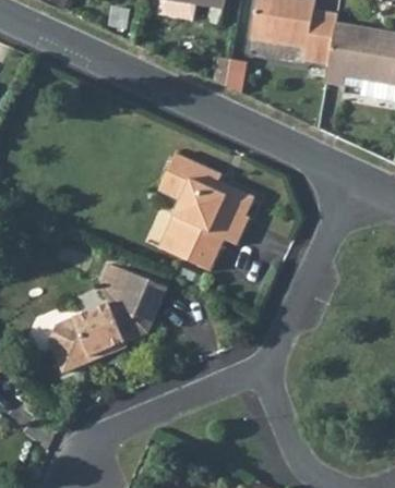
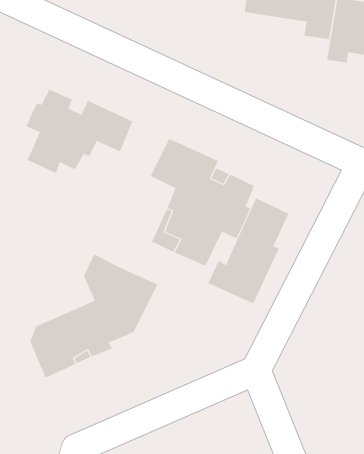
building: none -> [26,89,133,174]
building: none -> [208,198,289,304]

